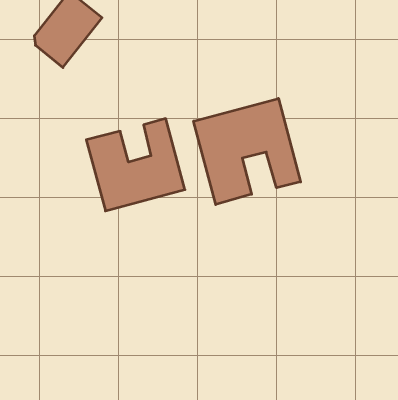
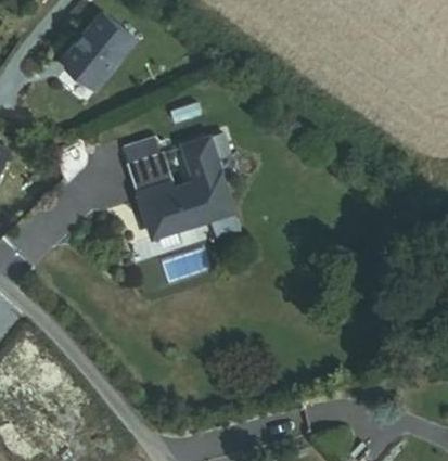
building: [194,98,301,205] -> none

